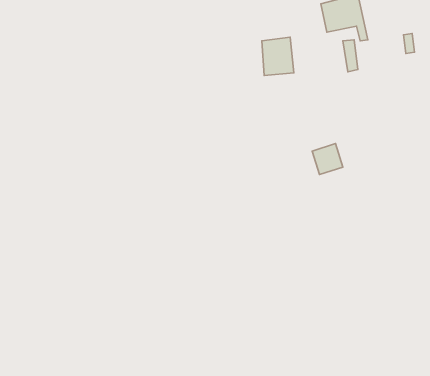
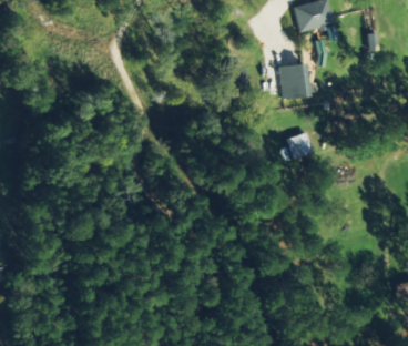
building: [262,37,294,75] -> [279,63,308,98]

